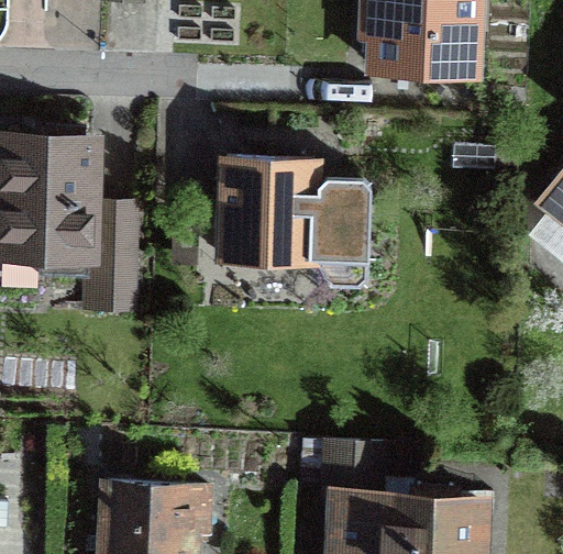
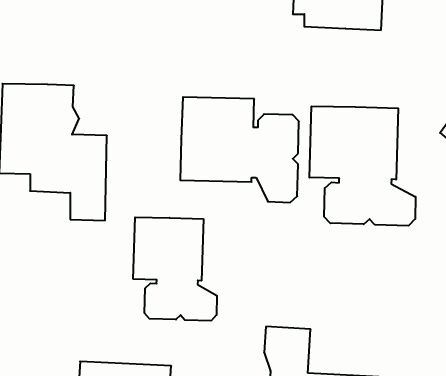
building: none -> [309,106,416,226]
building: none -> [133,217,217,321]

